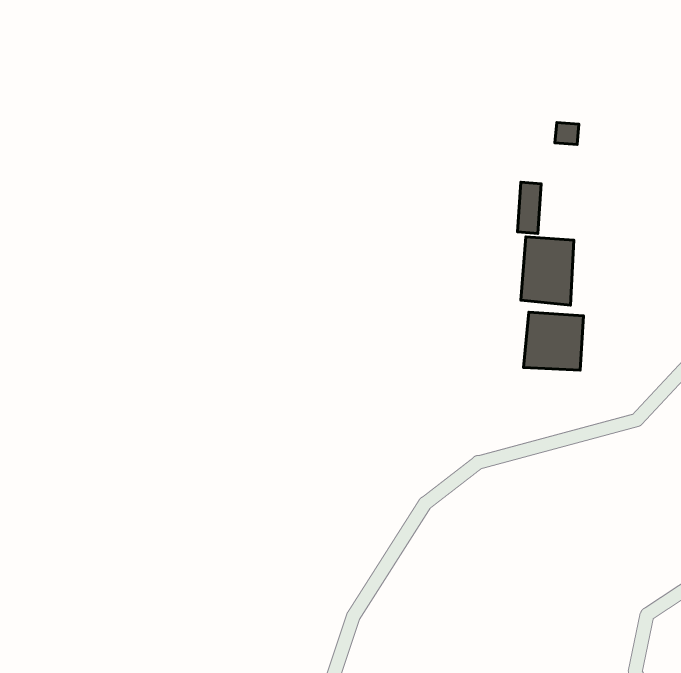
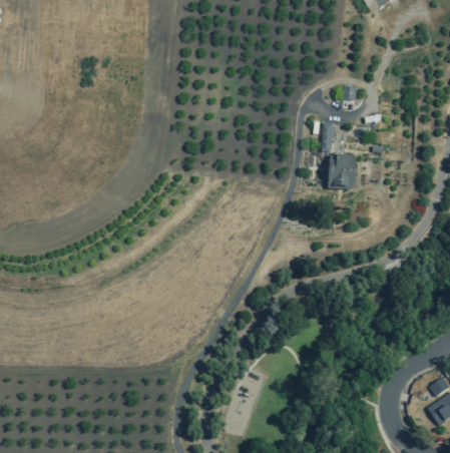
building: [523,312,583,370] -> none

